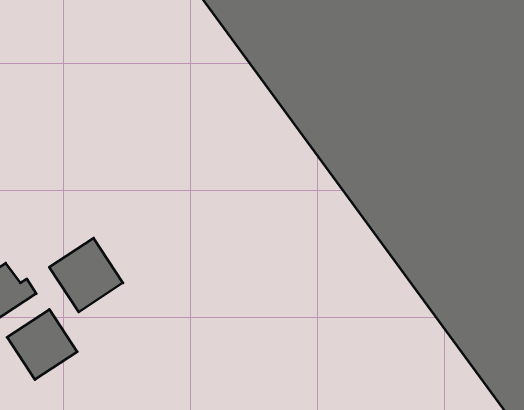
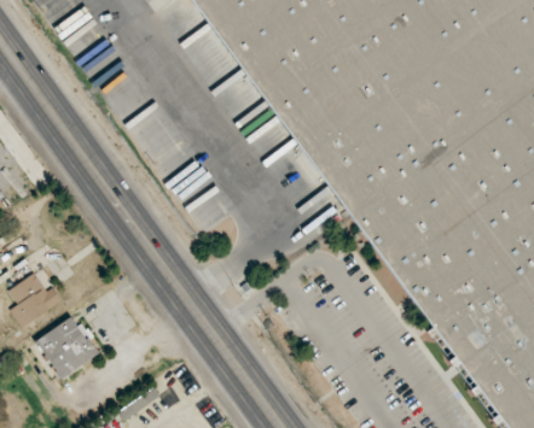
building: [49,238,123,312] -> none

